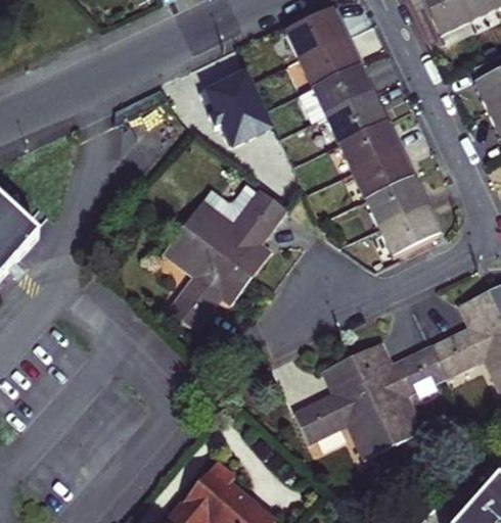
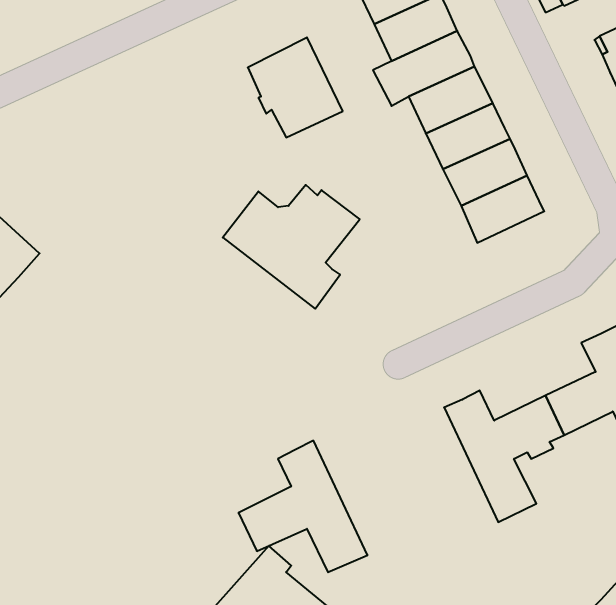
building: [378,203,444,256] -> none
building: [161,224,253,330] -> none
building: [294,355,395,458] -> [238,441,368,572]

